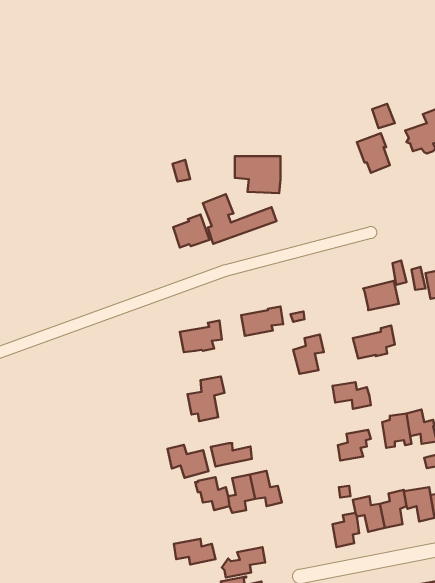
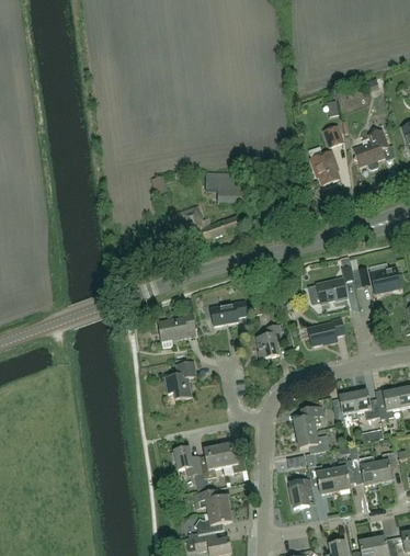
building: [173,215,209,248] -> none
building: [333,382,371,409] -> [296,430,329,453]
building: [211,443,252,466] -> none
building: [167,445,209,478] -> none
building: [174,539,216,564] -> [193,490,229,512]

